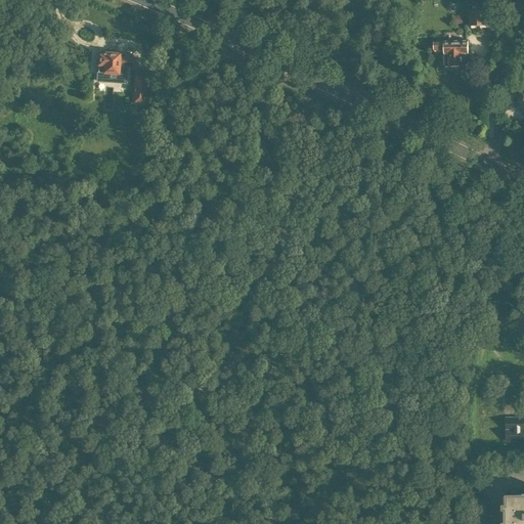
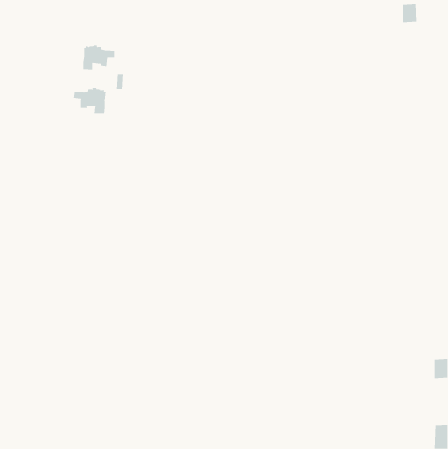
building: [433,41,468,68] -> none
building: none -> [73,87,106,114]

